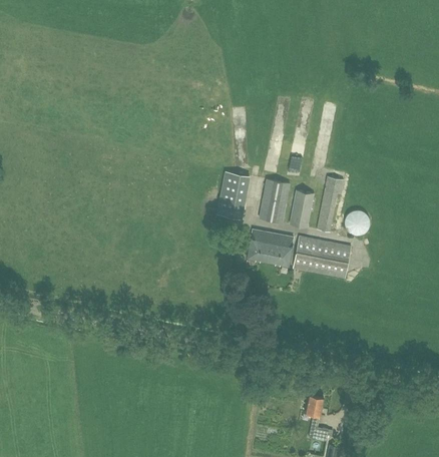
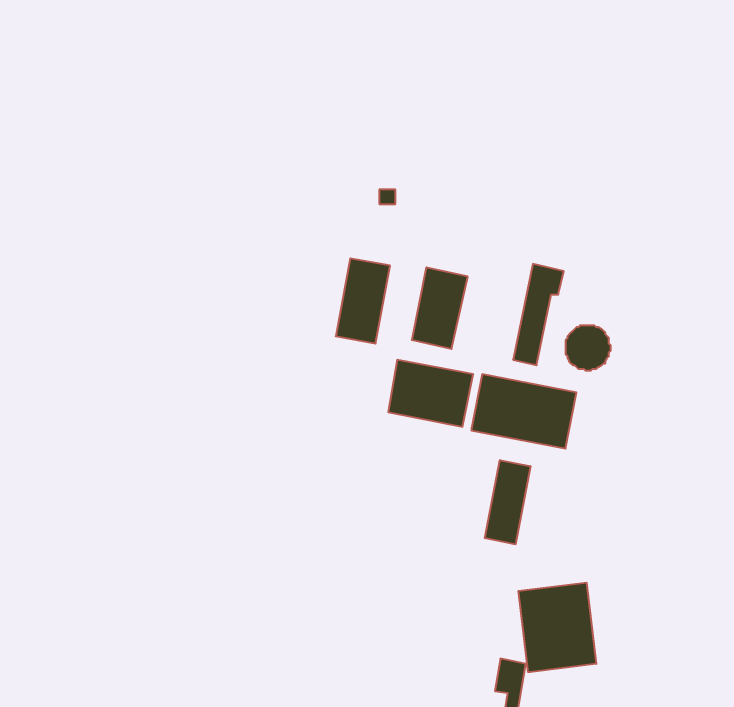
building: [289,188,314,226] -> none
building: none -> [485,460,530,544]
building: none -> [518,583,596,672]

